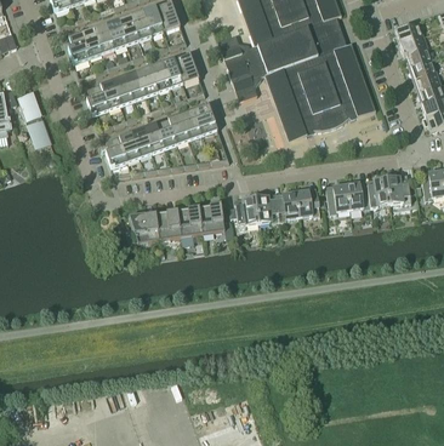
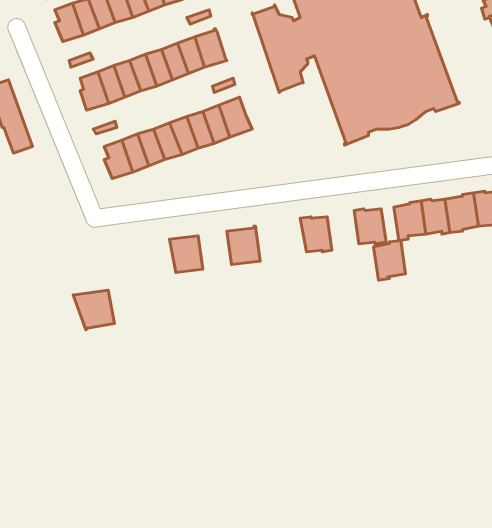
building: [274,190,298,221] -> [374,240,405,280]
building: [234,196,258,227] -> none
building: [176,206,201,235] -> none
building: [127,212,159,242] -> [73,290,115,330]

